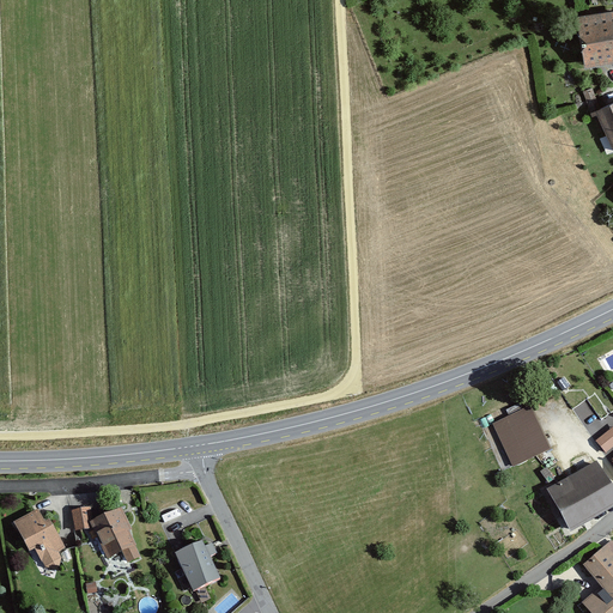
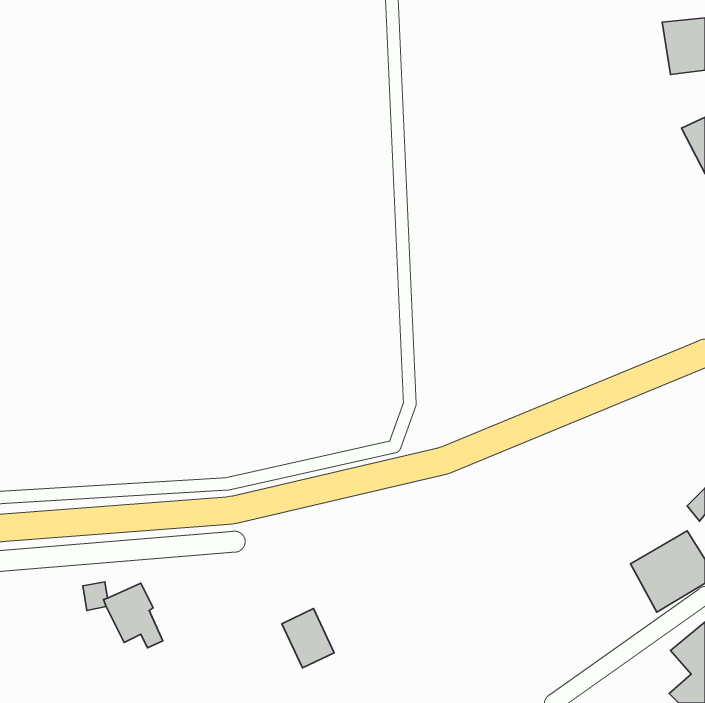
building: [493,405,552,466] -> none
building: [14,509,66,570] -> none
building: [175,540,220,591] -> [282,609,334,668]

